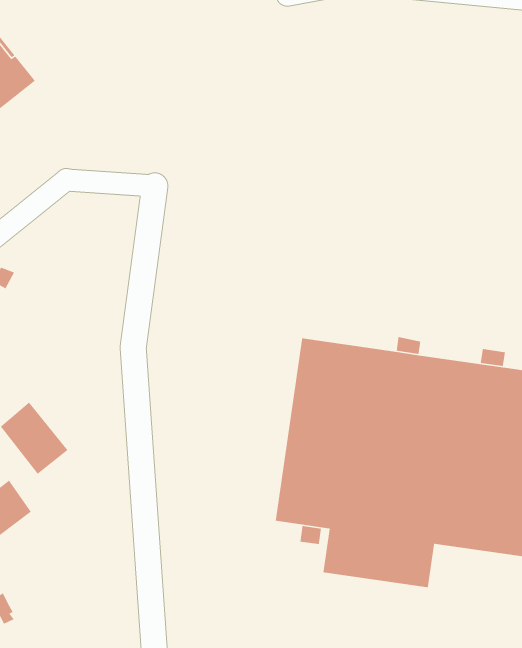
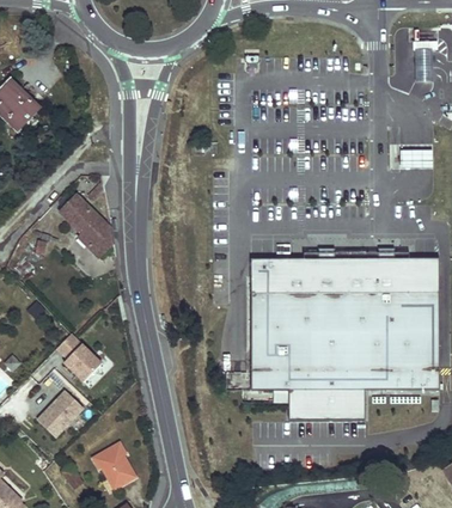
building: none -> [61,197,112,257]
building: none -> [92,443,134,488]

